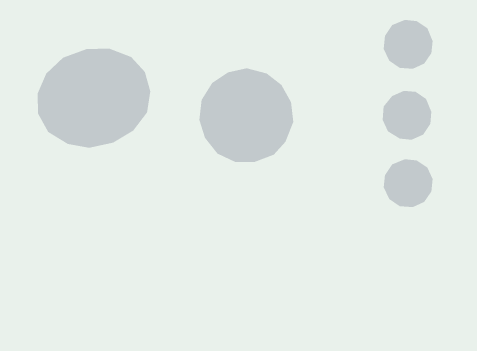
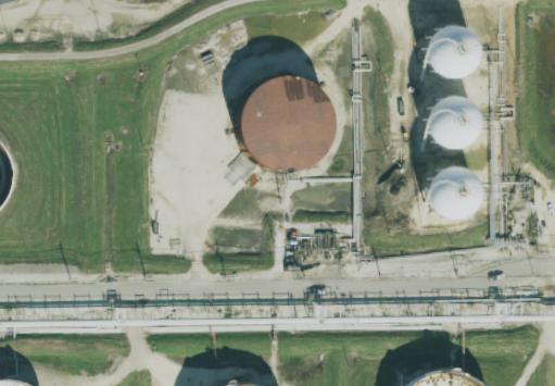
building: [37,48,151,148] -> none

